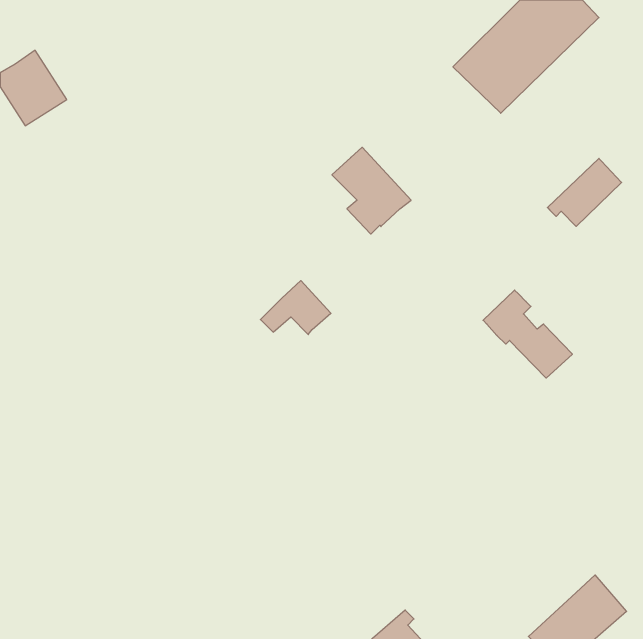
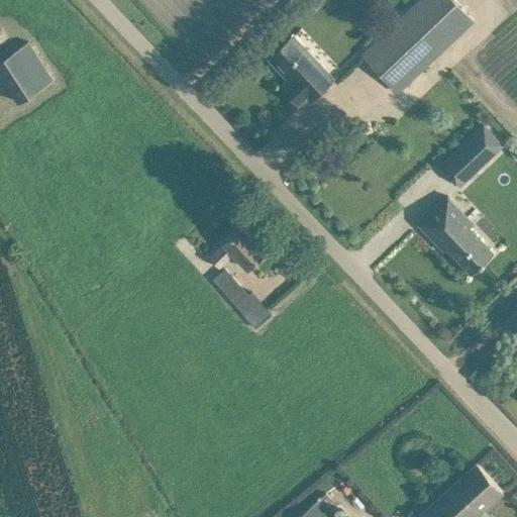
building: [332,147,411,234] -> [270,38,333,108]
building: [483,290,572,378] -> [421,202,493,273]
building: none -> [213,270,273,330]

